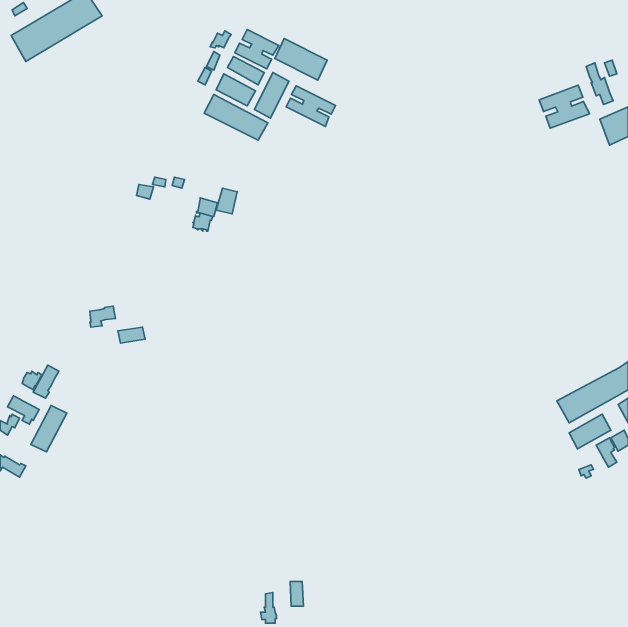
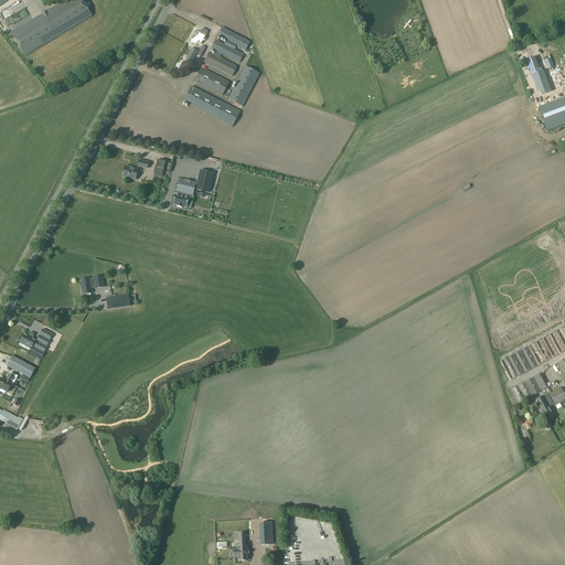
building: [275,39,327,80] -> none
building: [539,85,589,128] -> none
building: [286,86,335,127] -> none
building: [31,406,67,452] -> none

